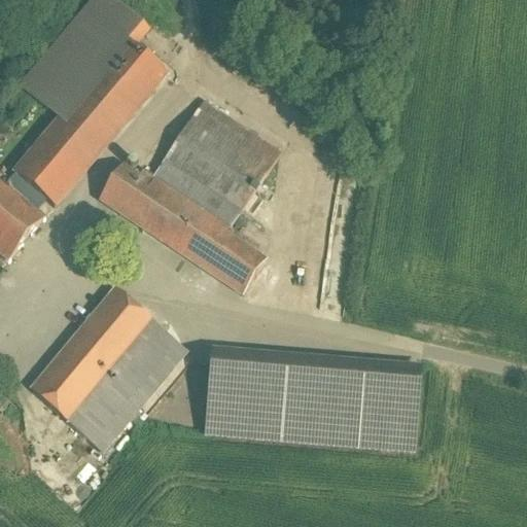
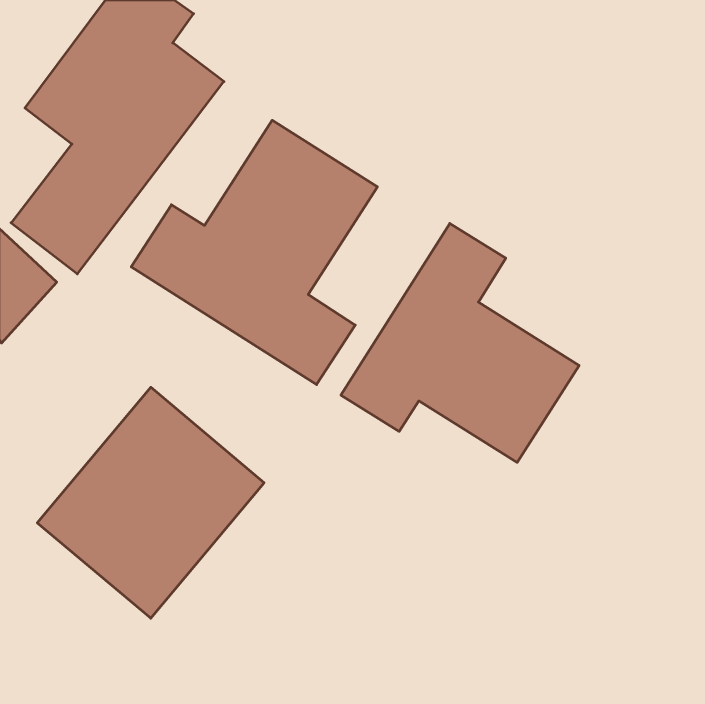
building: none -> [341,223,579,462]
building: [213,360,429,455] -> none

